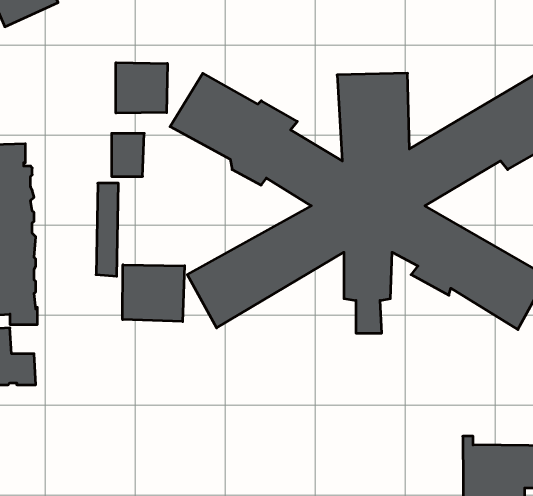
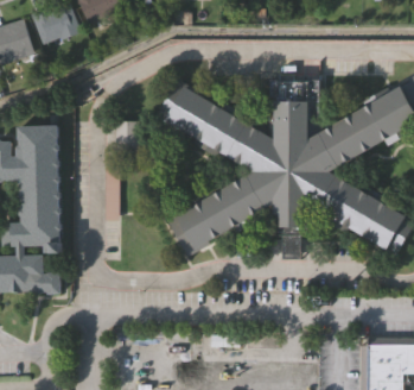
building: [116,63,167,113] -> none
building: [123,265,185,322] -> none

